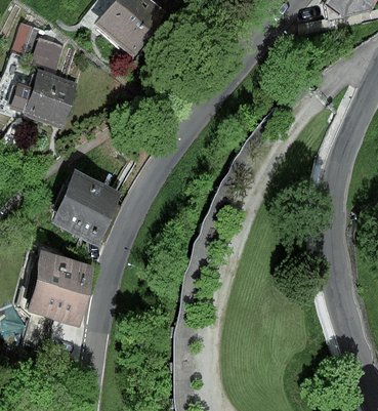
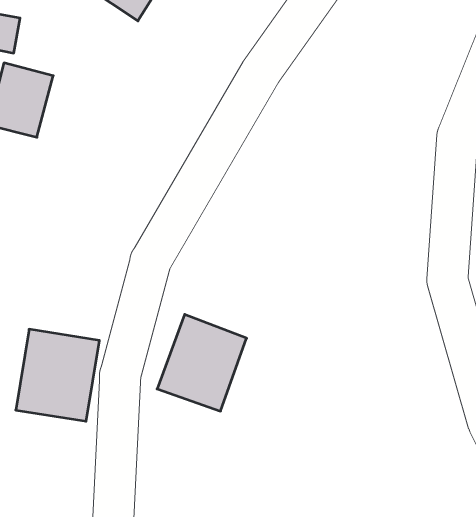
building: [56,173,120,241] -> [157,314,247,411]

